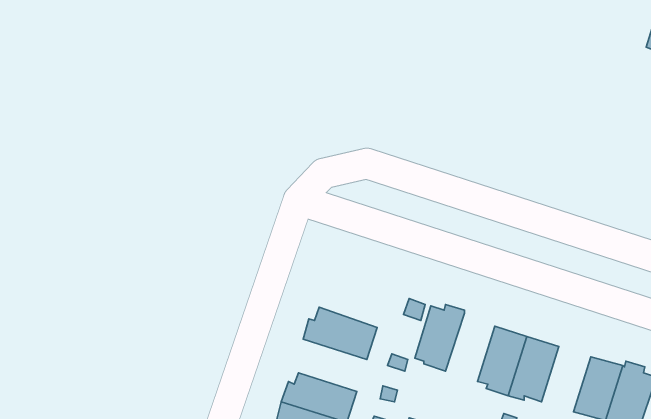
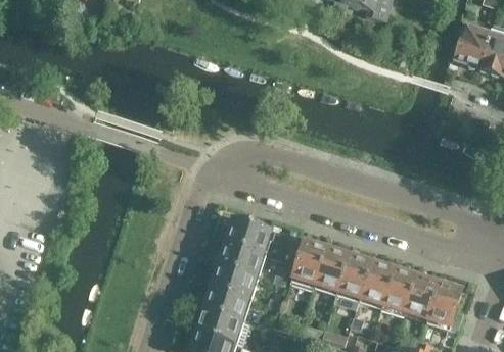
building: none -> [222,216,275,254]
building: none -> [314,244,349,292]
building: none -> [210,262,259,299]
building: none -> [381,267,416,313]

